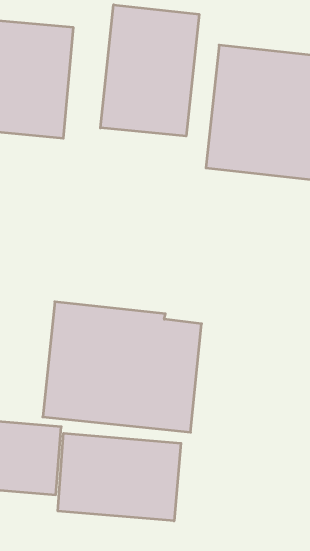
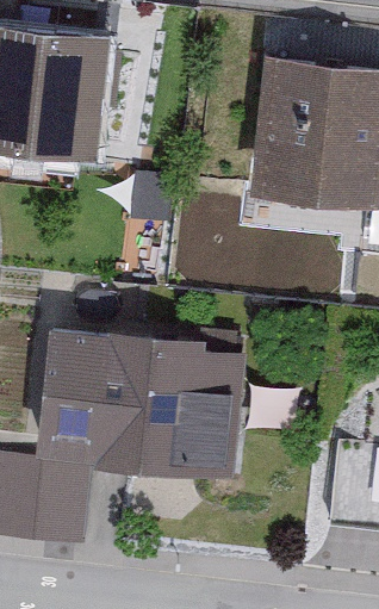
building: [100,5,199,136] -> none
building: [58,433,181,521] -> none

